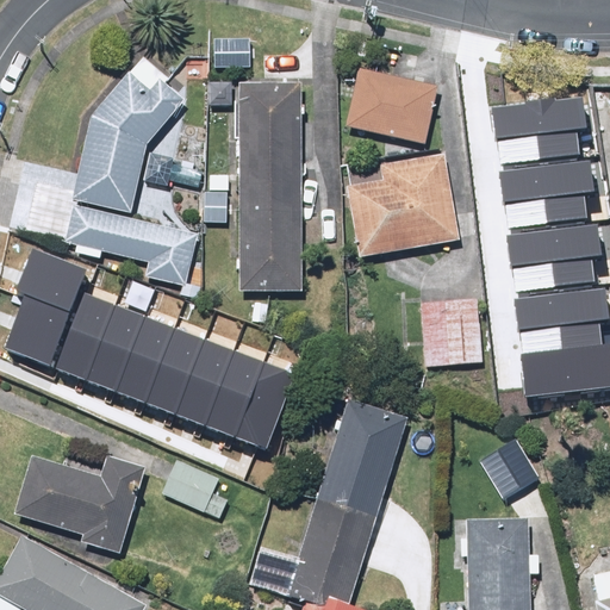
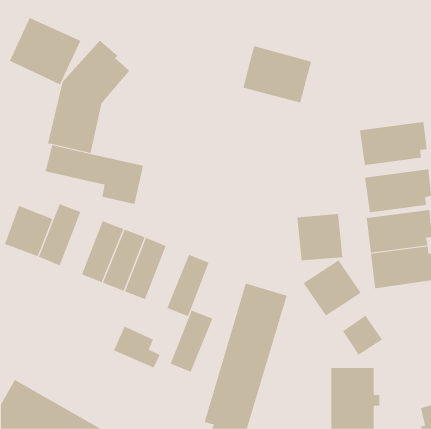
building: none -> [9,17,81,85]
building: [238,80,300,290] -> none
building: [500,112,597,174] -> none
building: [346,155,459,262] -> none
building: [14,243,93,309] -> none
building: [86,299,145,387] -> none
building: [206,347,267,435] -> [170,310,213,372]
building: none -> [303,259,361,316]
building: [15,455,141,552] -> none

